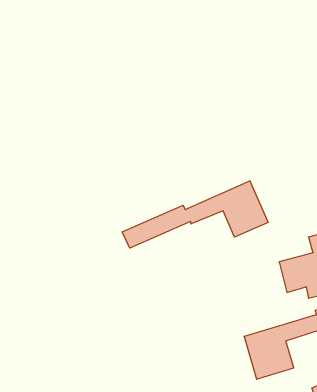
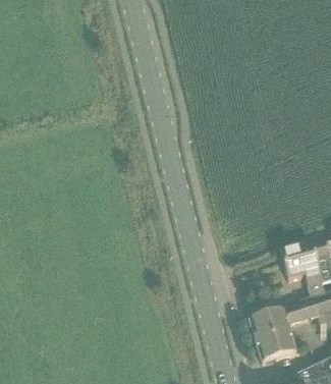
building: [122,181,268,248] -> none

